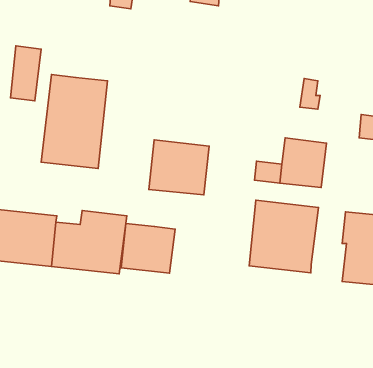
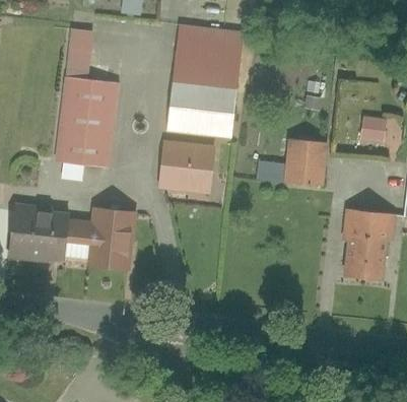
building: none -> [166,24,244,139]
building: [11,46,41,101] -> [64,27,93,80]
building: [249,200,319,273] -> none
building: [121,224,175,273] -> none

